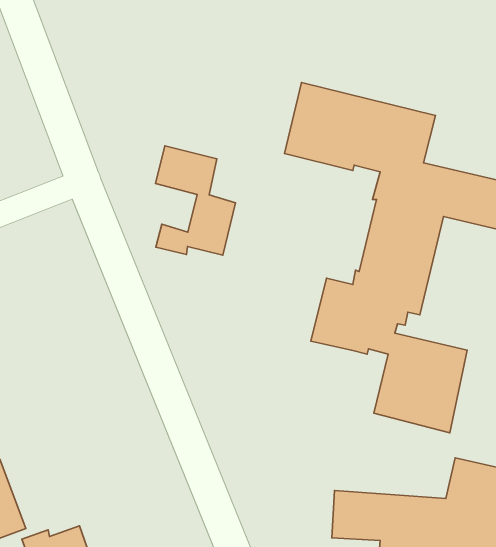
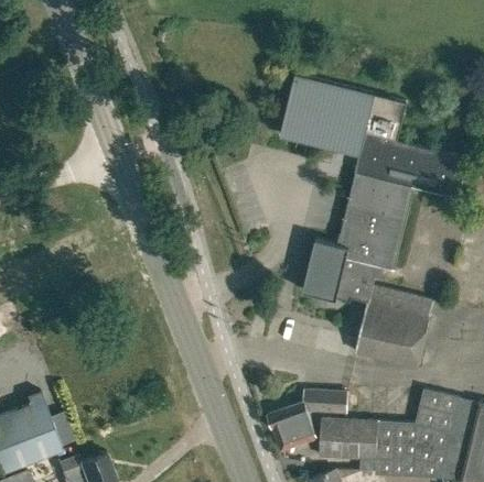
building: [156,146,235,255] -> none
building: none -> [268,391,346,450]

